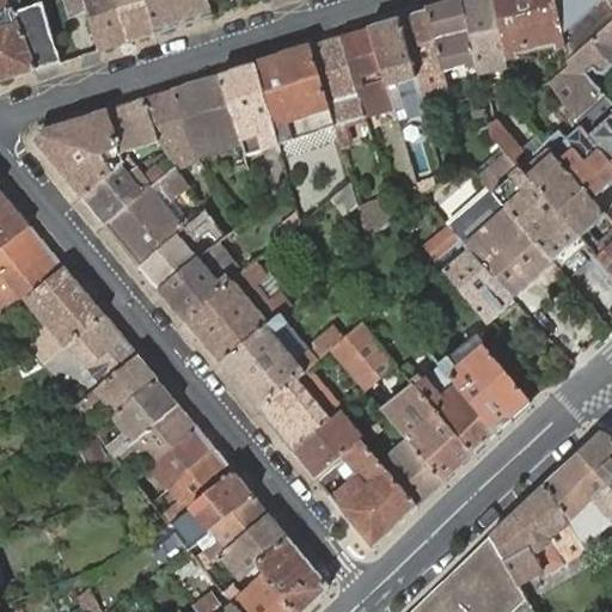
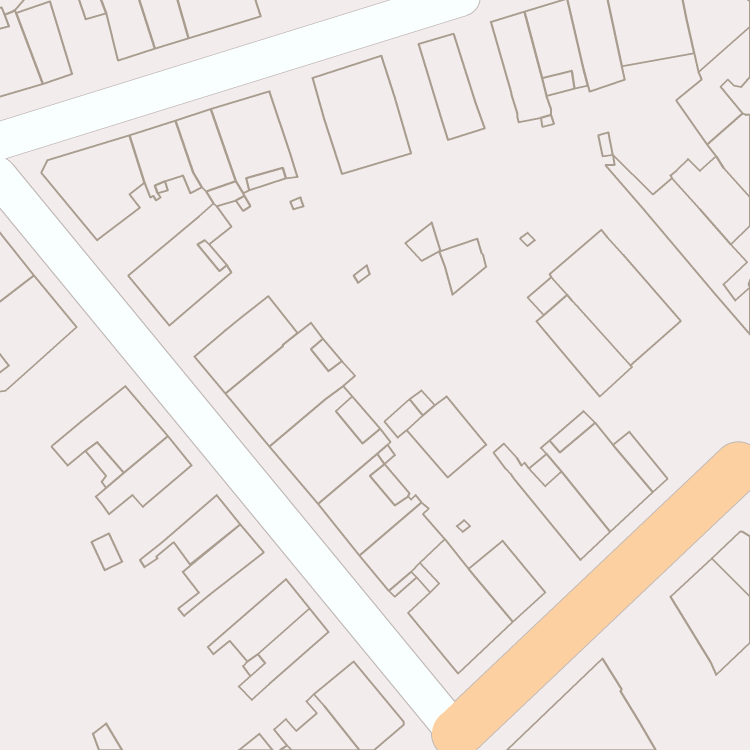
building: [368,18,420,109] -> none
building: [310,36,363,142] -> none
building: [219,63,277,151] -> none
building: [481,134,580,261] -> none
building: [79,159,161,224] -> none
building: [137,207,224,289] -> none
building: [5,265,102,362] -> none
building: [108,378,176,454] -> none
building: [384,385,471,481] -> none
building: [164,448,232,525] -> none
building: [489,484,583,586] -> none
building: [204,513,287,579] -> none

